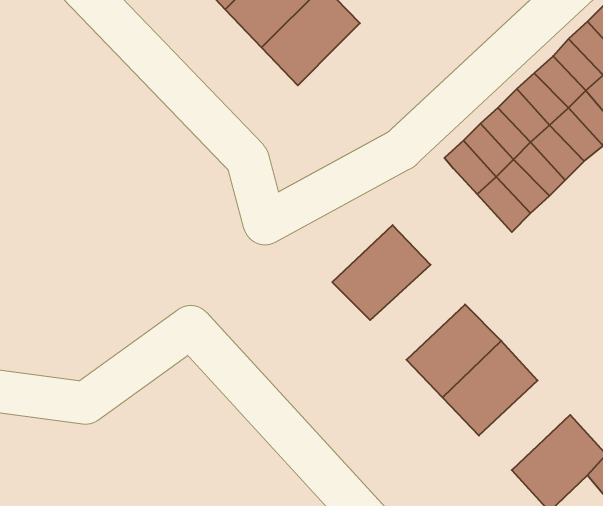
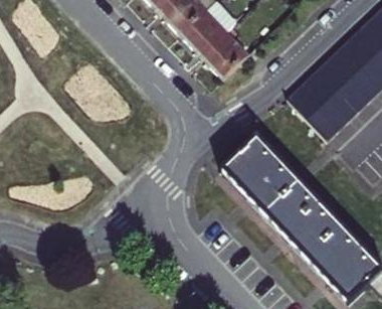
building: none -> [202,29,249,78]
building: none -> [244,158,300,213]
building: none -> [308,225,361,278]

